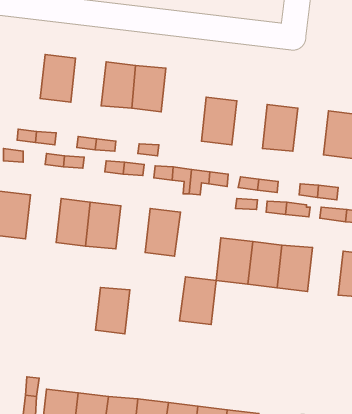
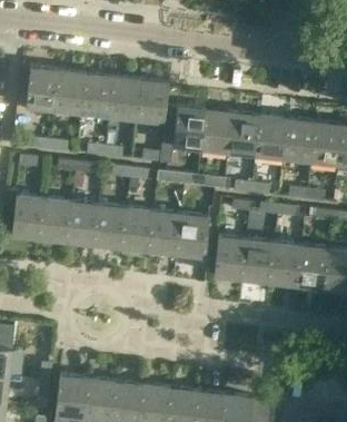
building: none -> [26,67,58,109]
building: none -> [81,72,113,116]
building: none -> [172,105,205,148]
building: none -> [228,111,260,155]
building: none -> [284,118,316,160]
building: none -> [40,197,72,241]
building: none -> [297,245,329,288]
building: [179,277,216,324] -> [176,213,209,256]
building: [96,287,130,334] -> [122,207,153,249]

